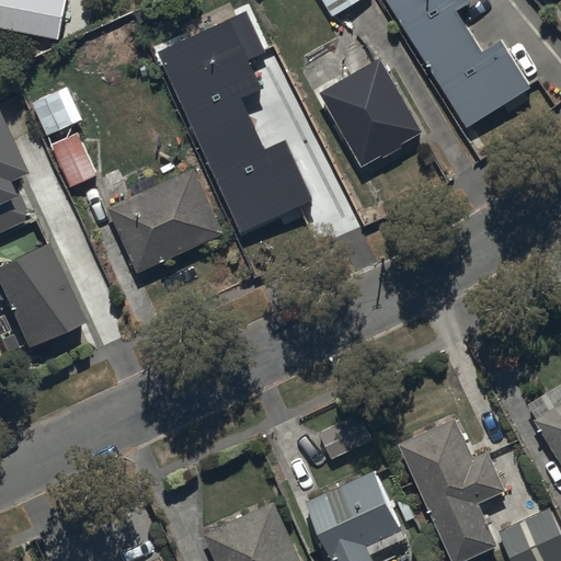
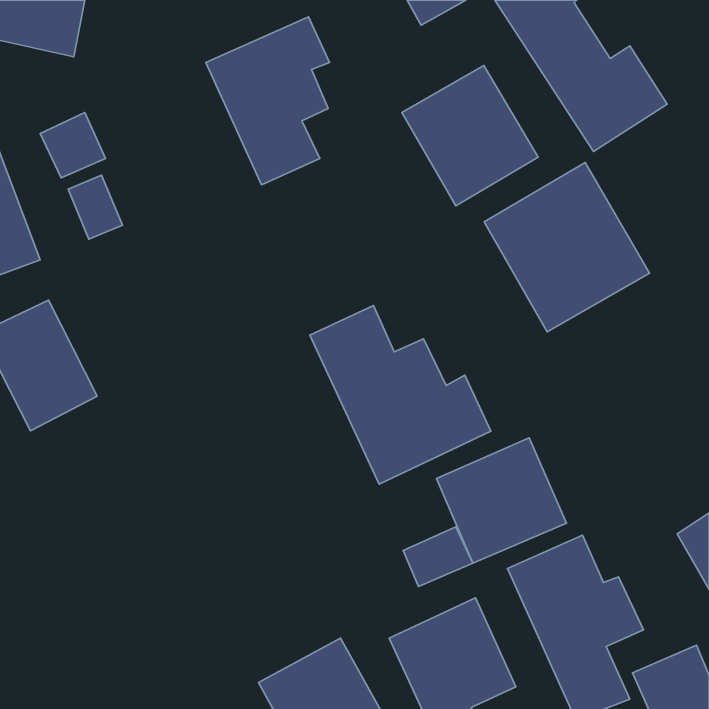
building: [206,126,310,229] -> none
building: none -> [484,163,650,332]
building: [107,159,225,268] -> none
building: none -> [310,305,491,484]
building: none -> [437,438,566,563]

